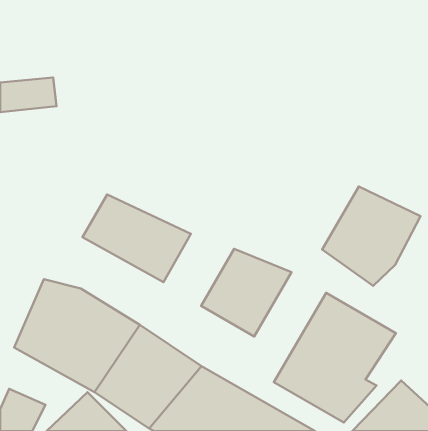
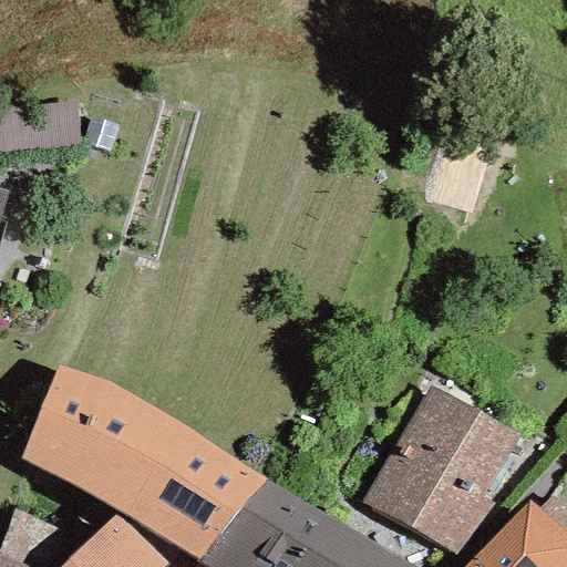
building: [322,187,420,286] -> none
building: [83,194,191,282] -> none
building: [201,249,291,337] -> none

